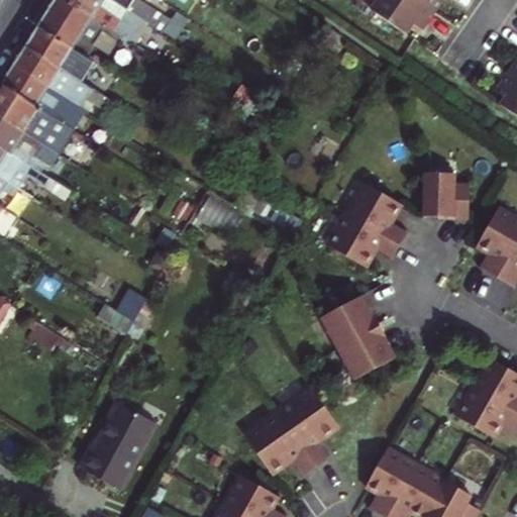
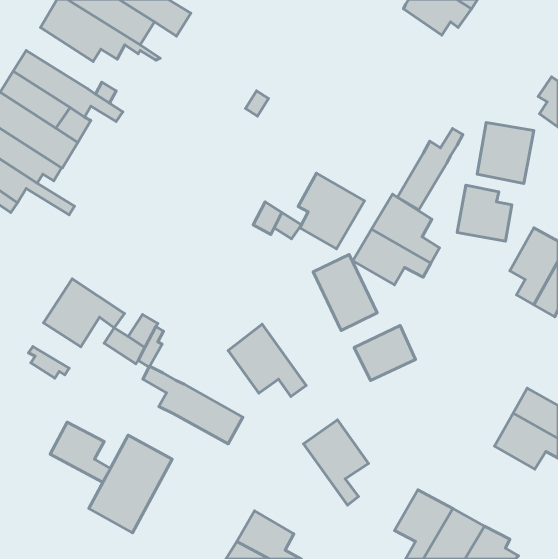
building: [24,25,94,82] -> none
building: none -> [477,122,534,183]
building: none -> [397,129,463,210]
building: none -> [298,173,365,249]
building: none -> [313,254,377,330]
building: none -> [43,279,124,347]
building: [341,331,396,380] -> none
building: none -> [143,366,243,444]
building: none -> [50,422,110,482]
building: [248,409,320,476] -> [228,324,306,397]

